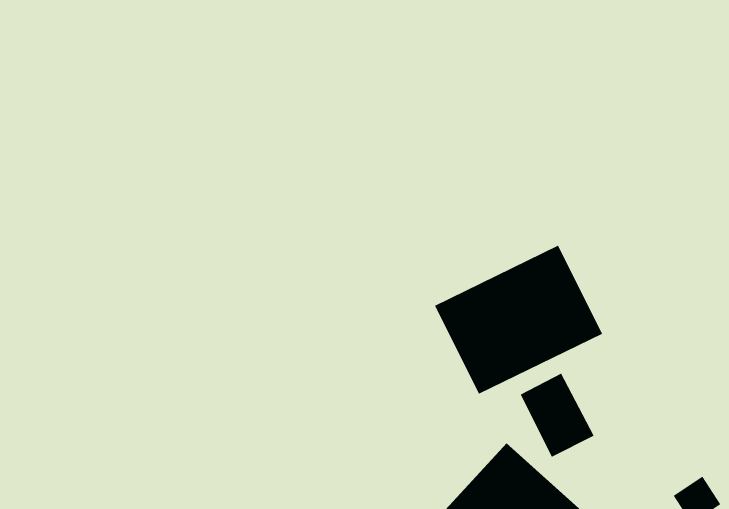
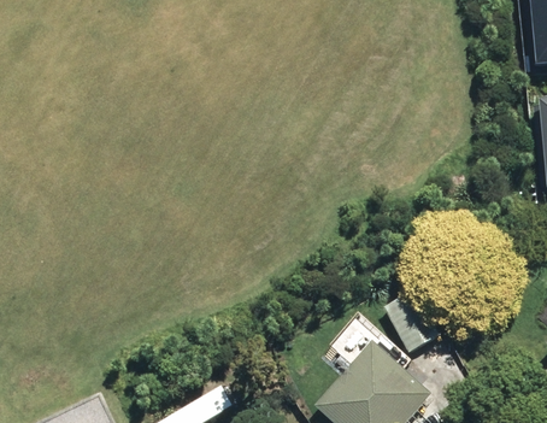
building: [434,245,603,395] -> none

